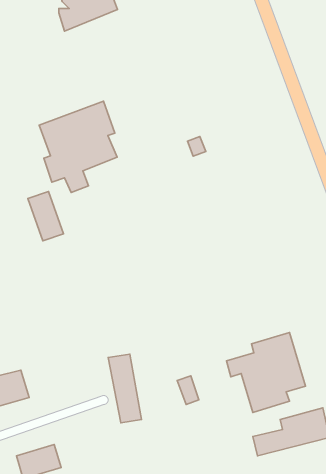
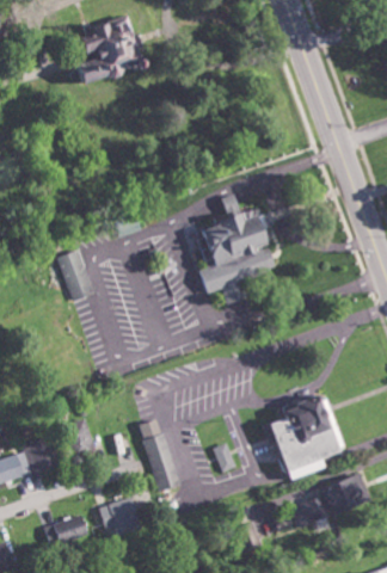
building: [39,101,117,193] -> [195,208,276,303]
building: none -> [99,498,139,535]

